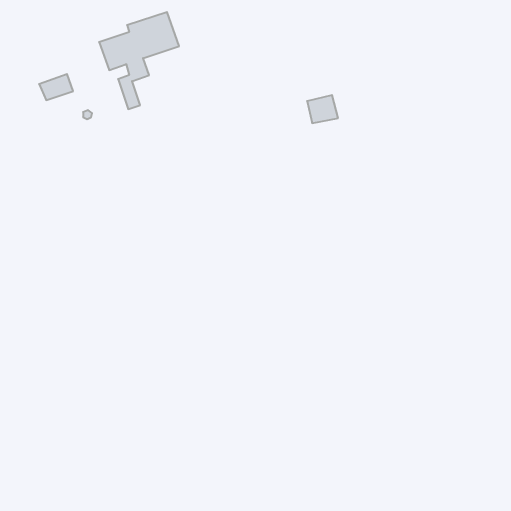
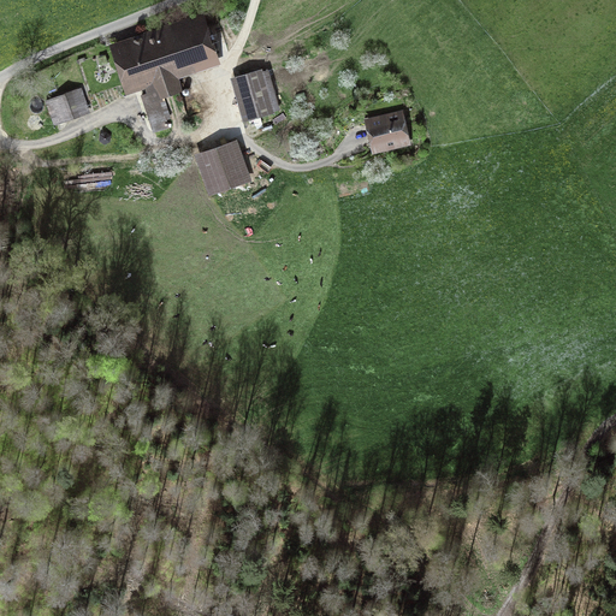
building: none -> [237,70,272,119]
building: none -> [202,143,244,191]

